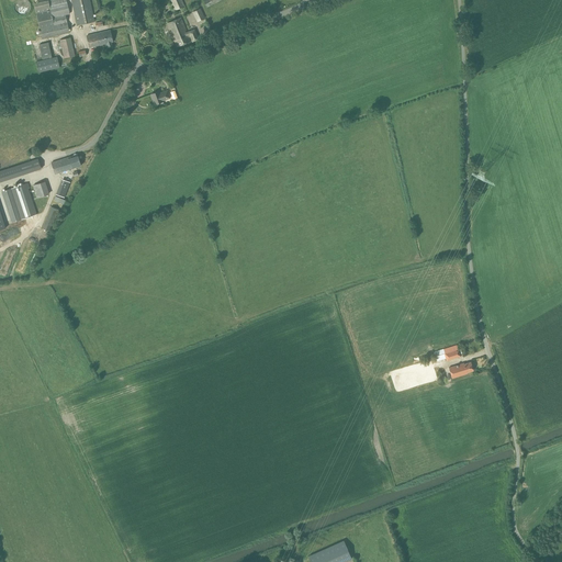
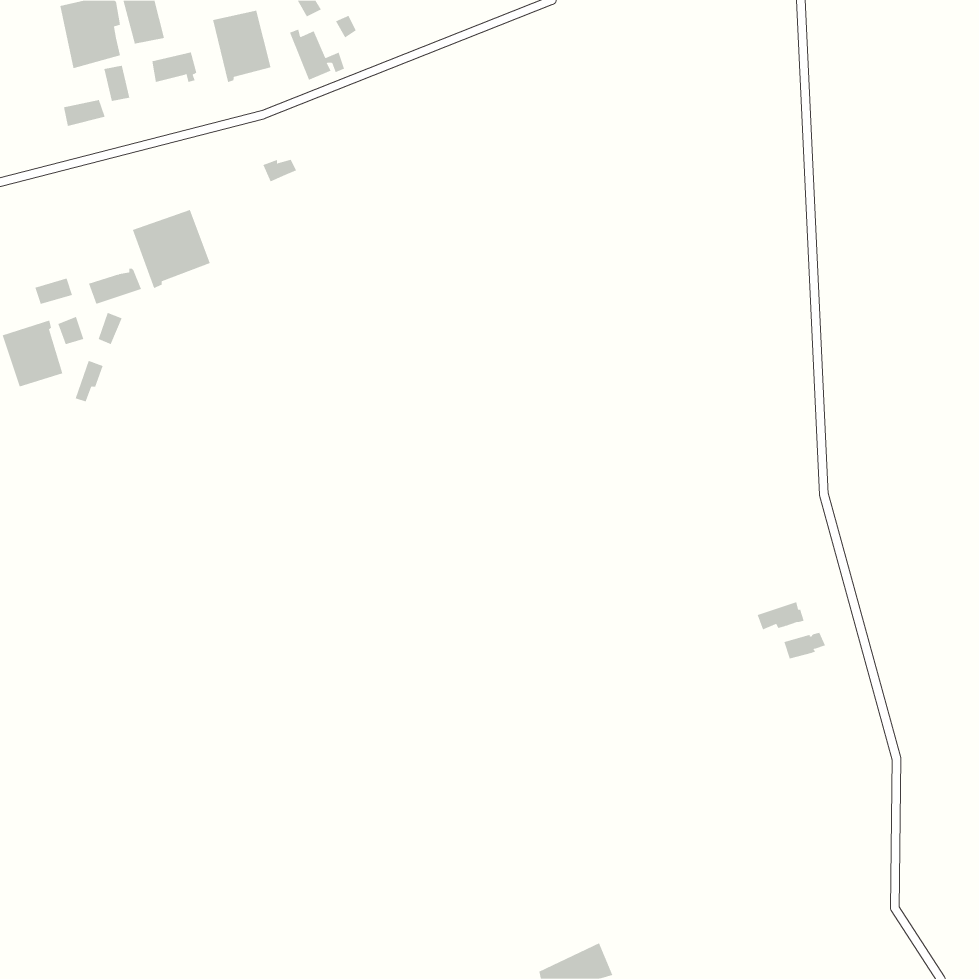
building: none -> [213,10,271,83]
building: none -> [132,209,211,289]

